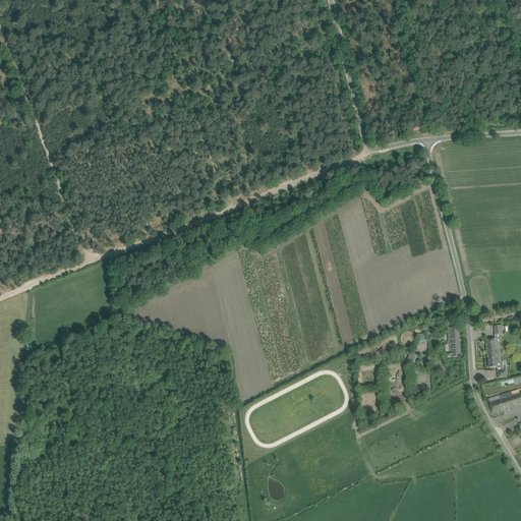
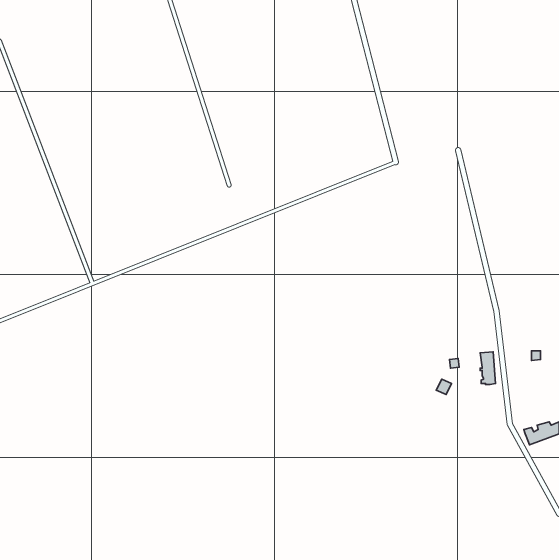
building: [484,339,506,378] -> none

